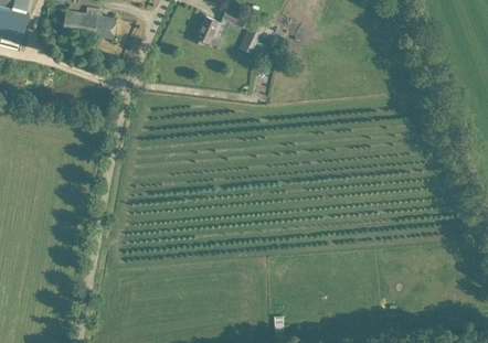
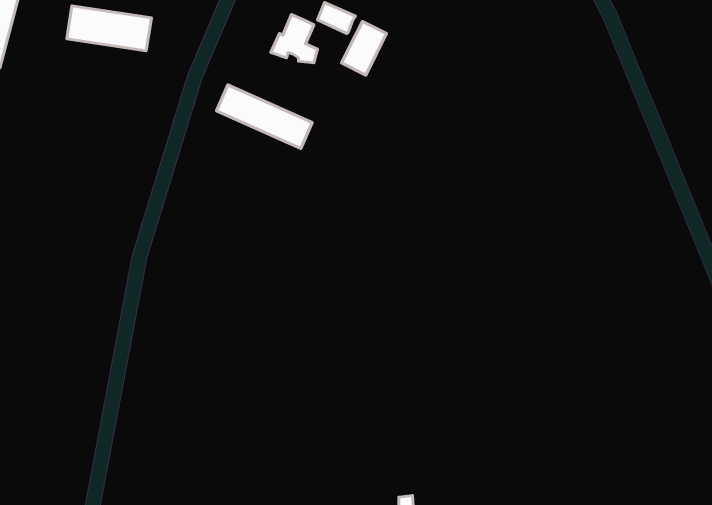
building: none -> [216,85,312,148]

